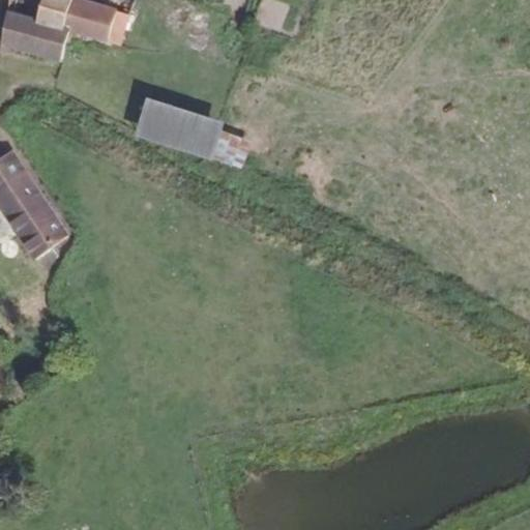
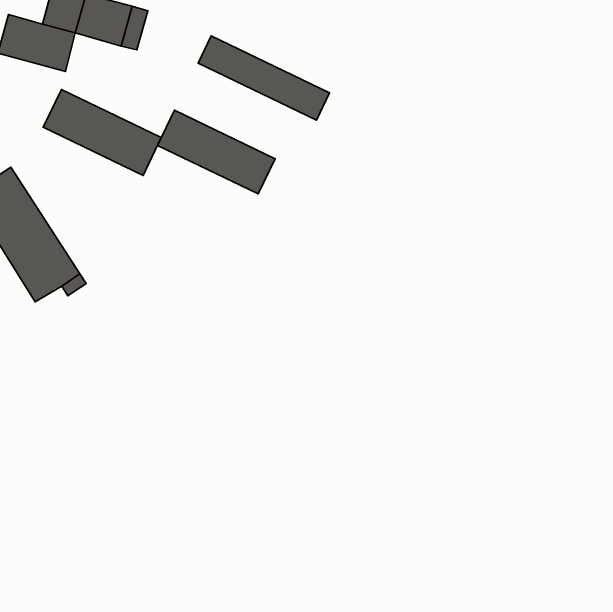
building: none -> [198,36,330,120]
building: none -> [43,89,161,175]

